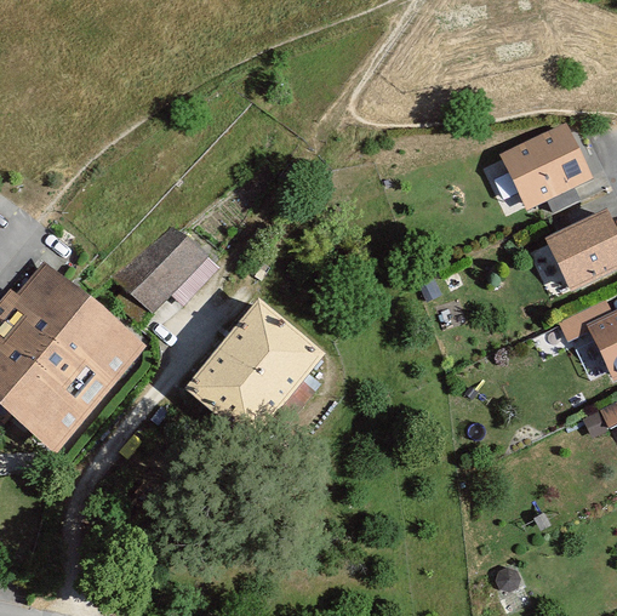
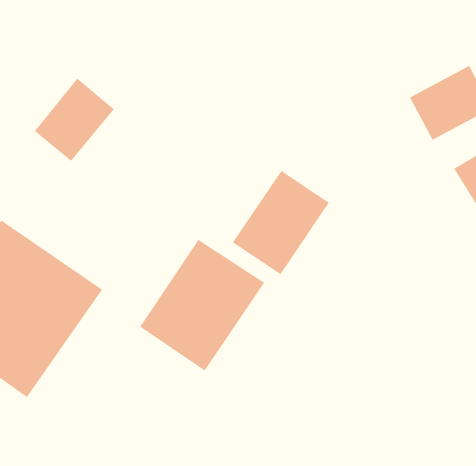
building: [125,213,217,307] -> [34,77,115,162]
building: none -> [232,170,330,275]

